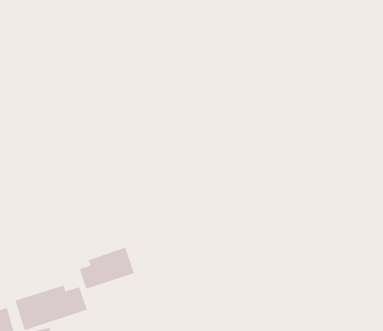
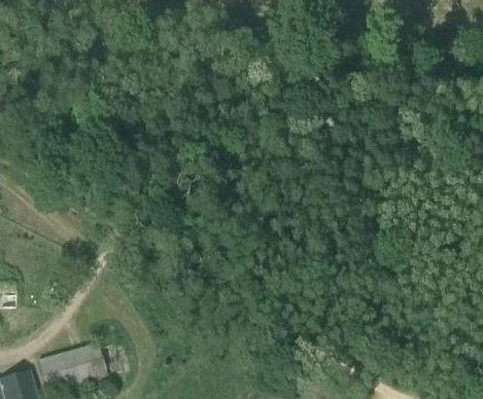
building: [79,247,135,289] -> none

